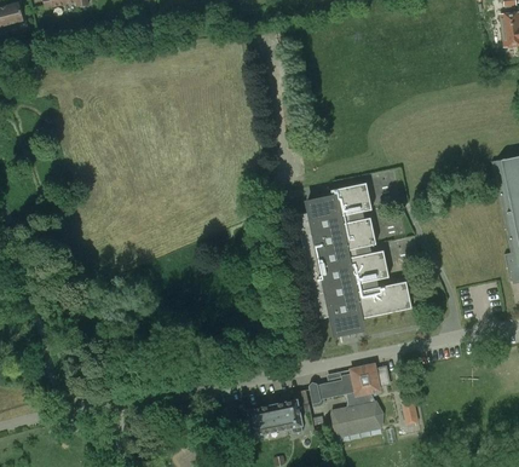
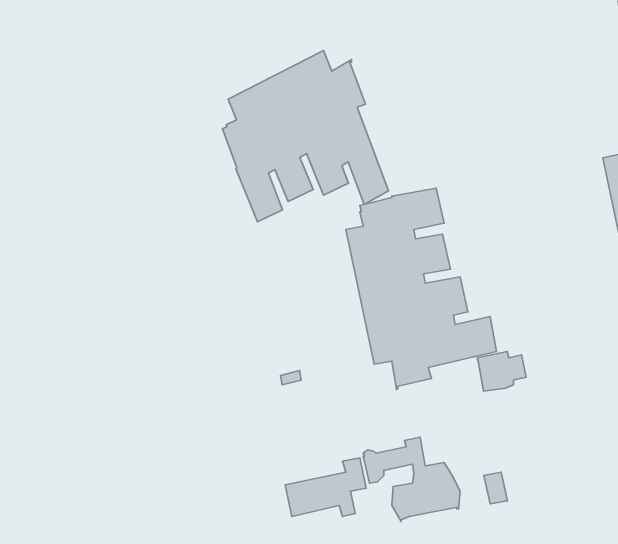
building: none -> [223,50,388,222]
building: [352,364,390,394] -> [477,352,526,391]

